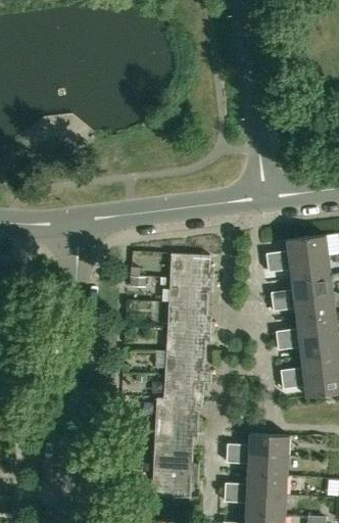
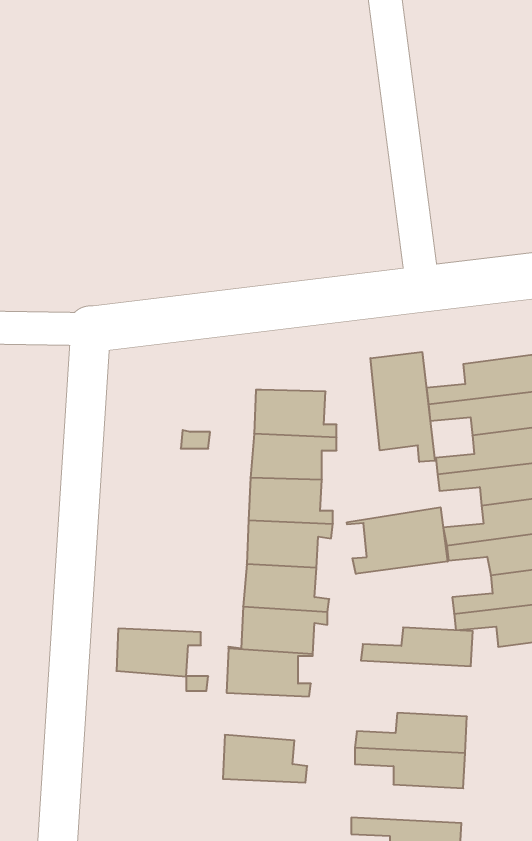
building: none -> [370,352,435,462]
building: none -> [347,507,448,574]
building: [153,422,200,448] -> [116,629,201,676]
building: [151,470,198,496] -> none
building: [224,473,286,494] -> [361,627,473,666]

